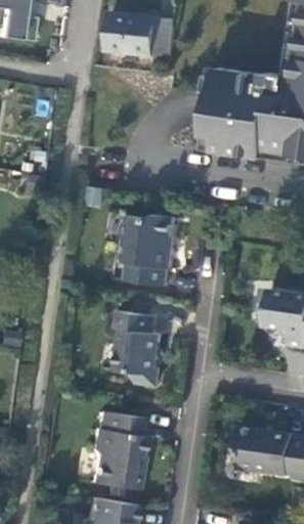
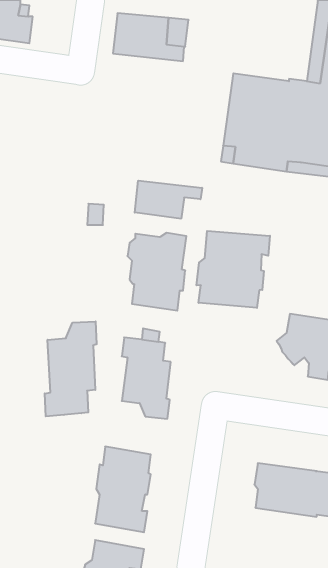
building: none -> [135,181,202,219]
building: none -> [197,231,270,308]
building: none -> [45,321,97,416]

